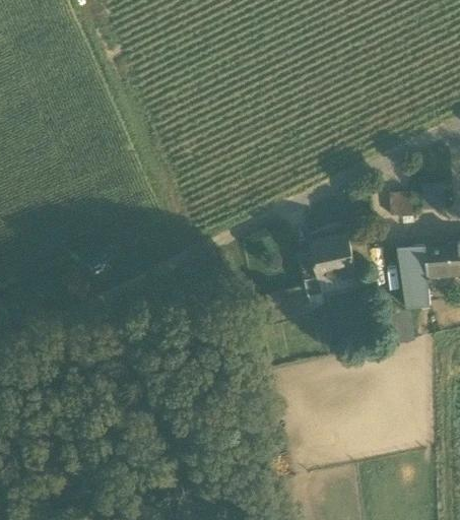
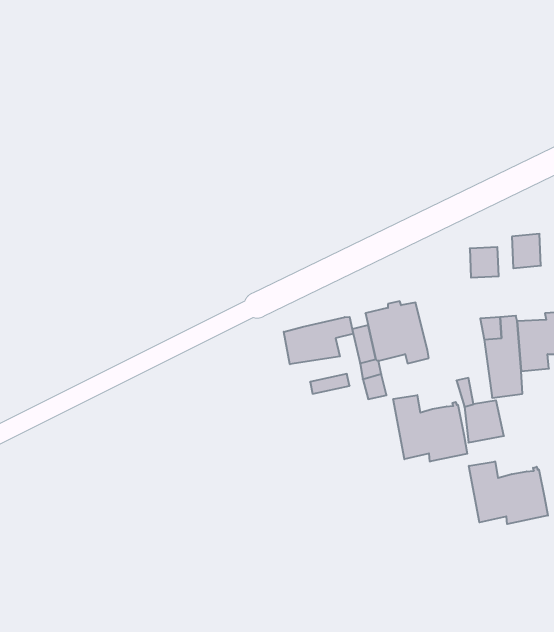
building: none -> [284,317,353,364]
building: none -> [393,395,467,462]
building: none -> [469,461,548,524]

